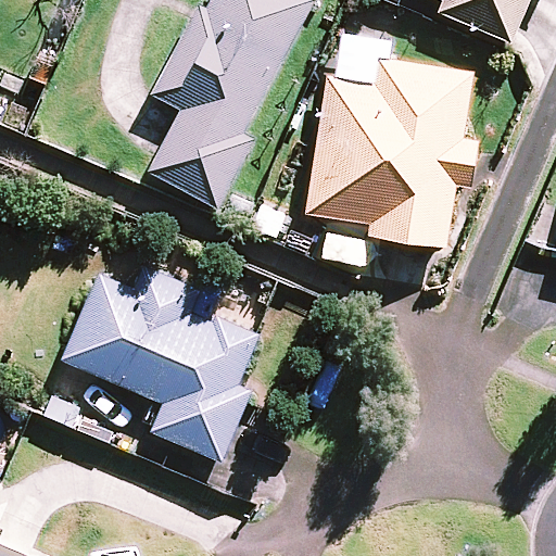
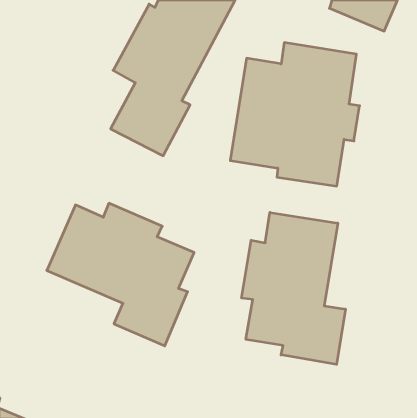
building: none -> [242,212,345,364]

